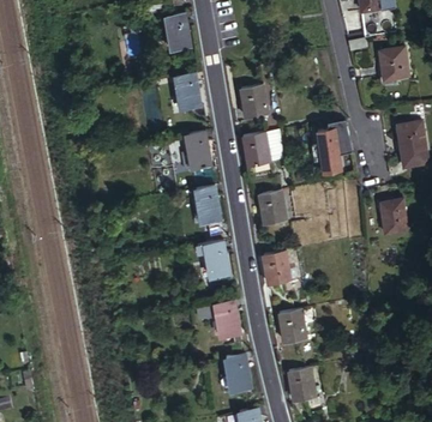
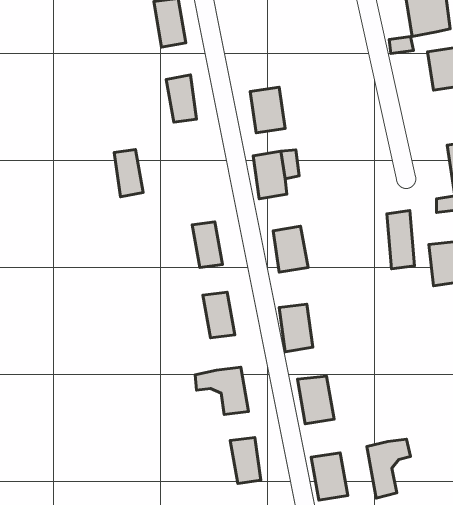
building: [314,127,336,173] -> [387,211,414,269]
building: [185,132,208,169] -> [114,150,143,197]
building: none -> [367,439,411,498]

